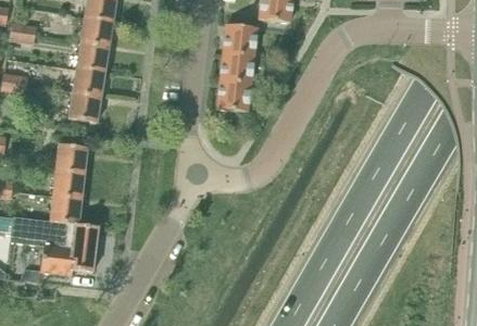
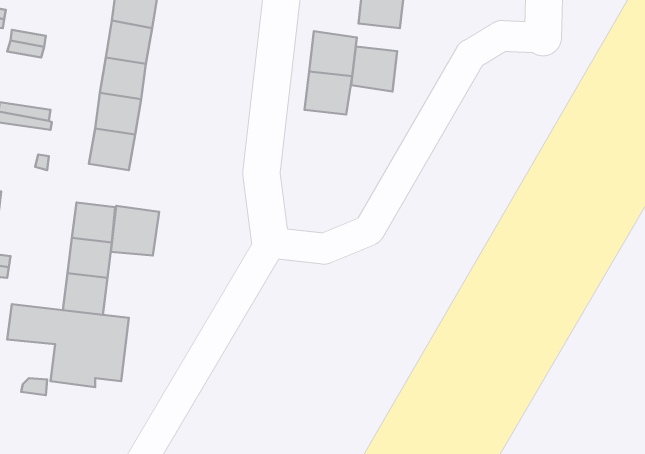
building: [217,79,250,111] -> [351,47,397,91]
building: none -> [111,206,159,256]

